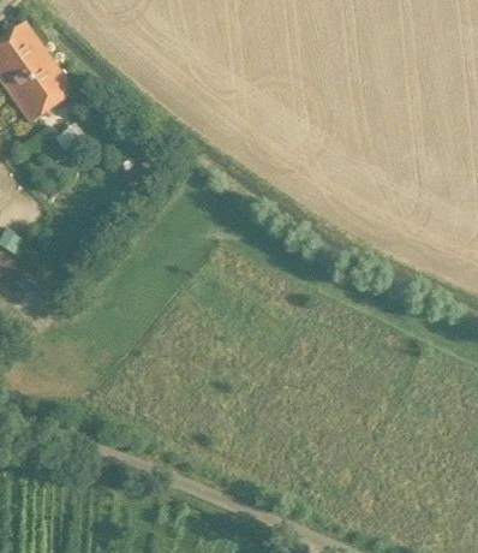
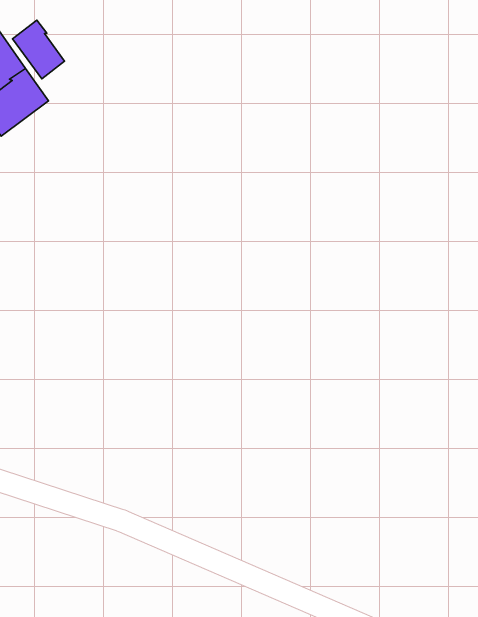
building: none -> [13,20,65,79]

